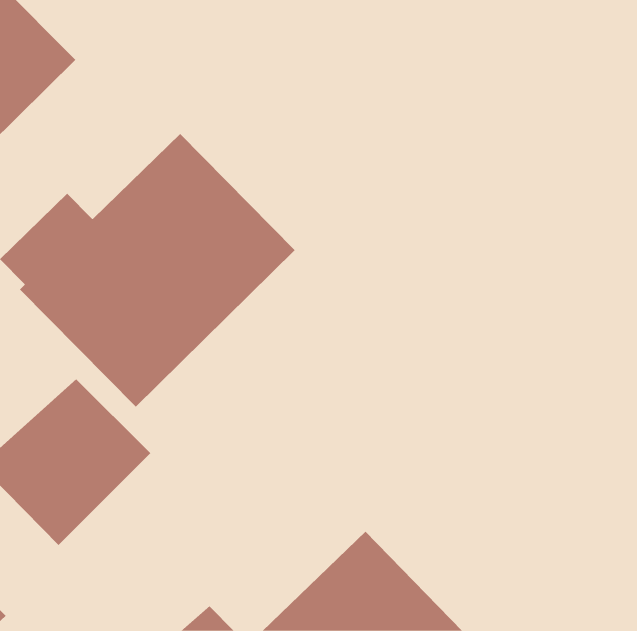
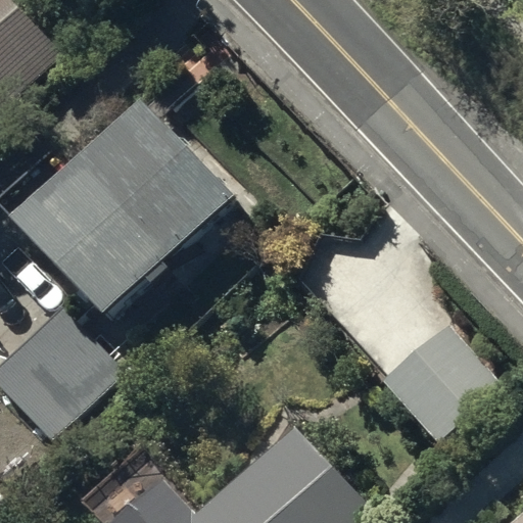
building: none -> [380,321,498,439]

